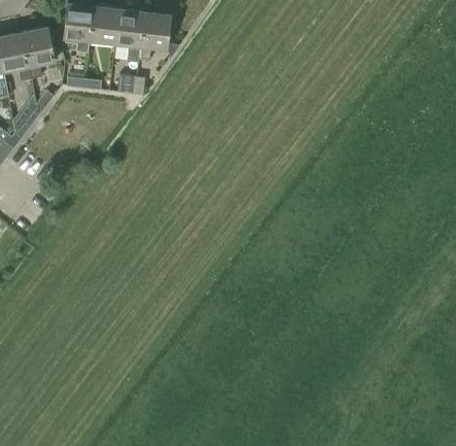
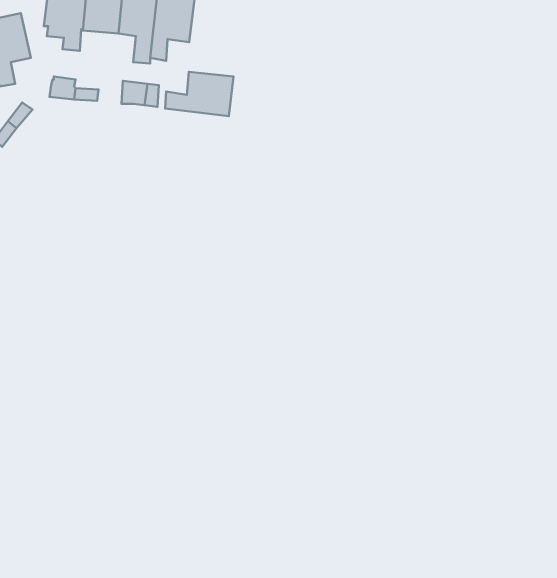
building: none -> [165,72,233,116]

